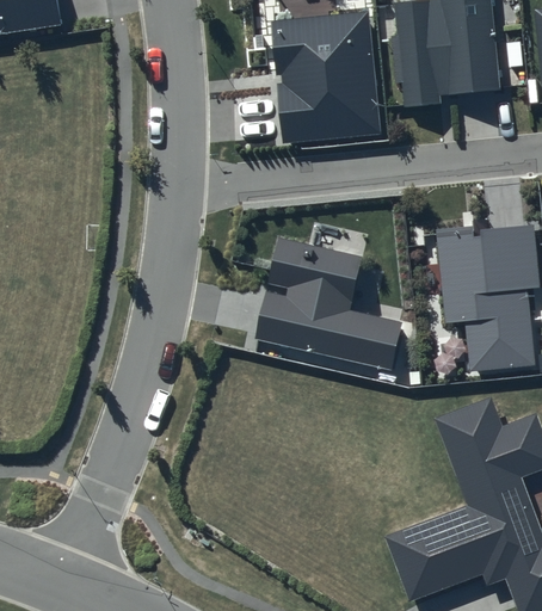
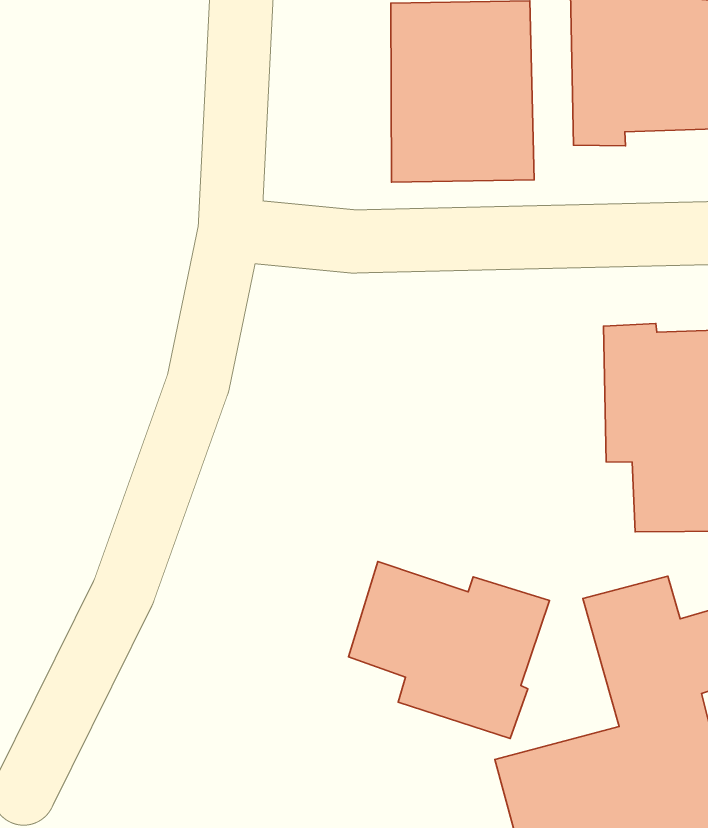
building: [254,237,402,371] -> none
building: none -> [349,561,549,739]

